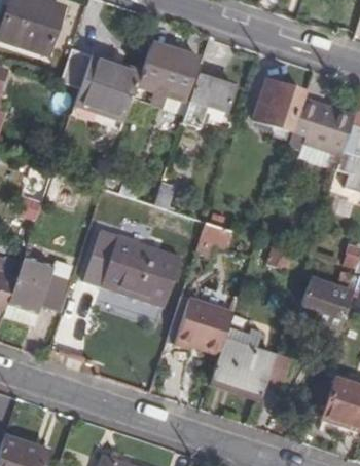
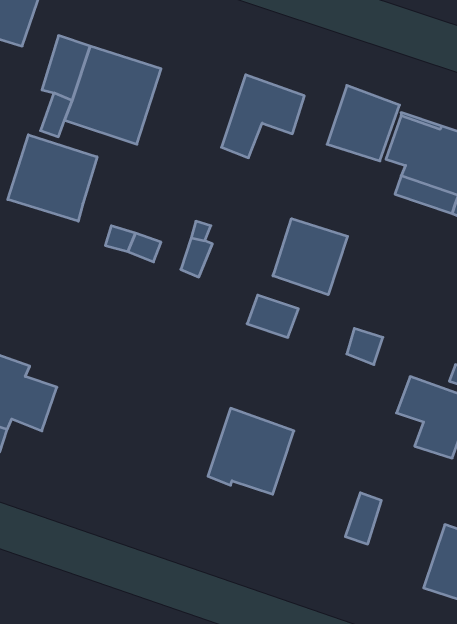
building: [138,40,202,98] -> none
building: none -> [8,135,97,221]
building: none -> [273,219,348,295]
building: [94,231,180,305] -> none
building: [208,337,275,396] -> none

